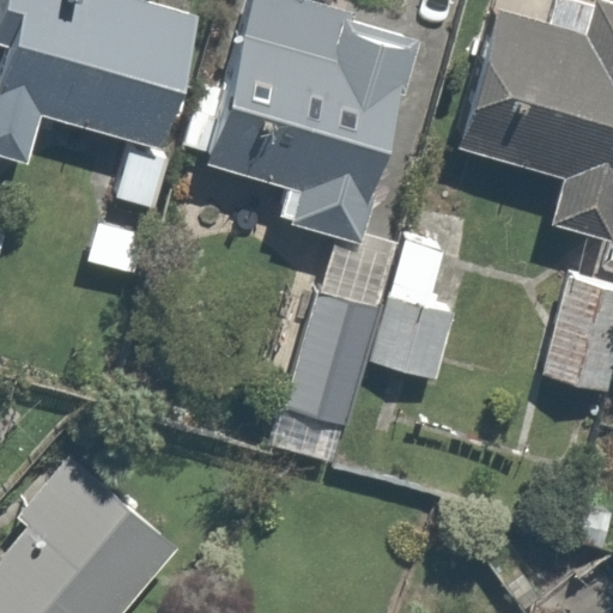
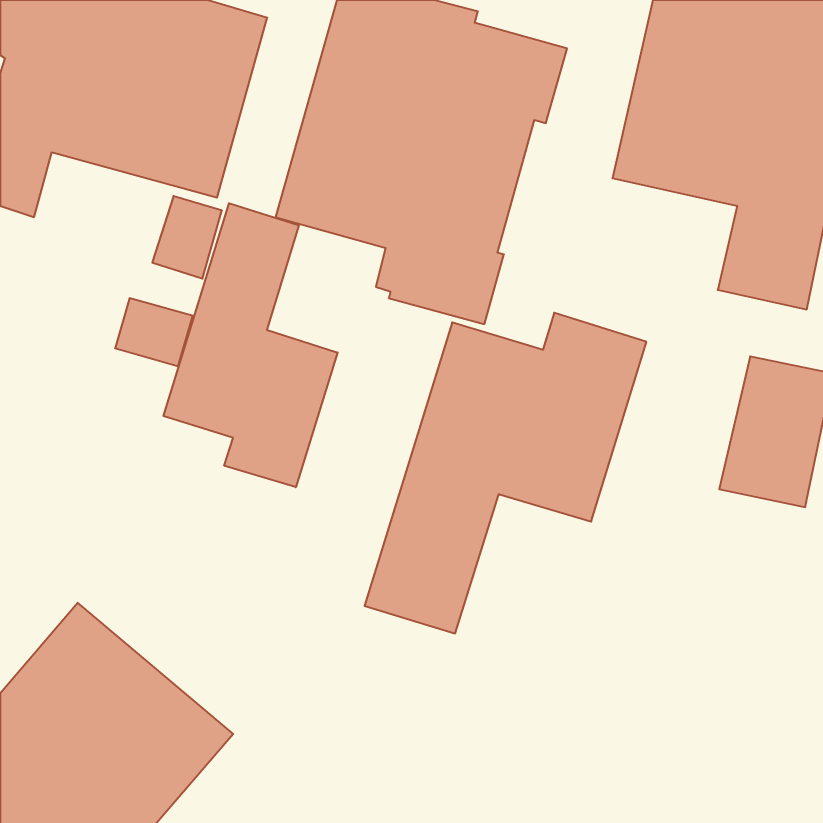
building: none -> [163,203,338,487]

